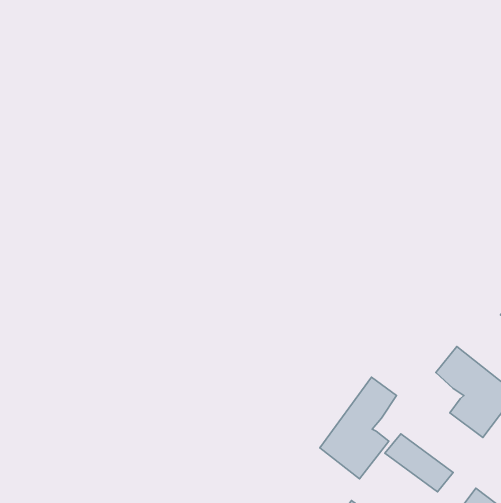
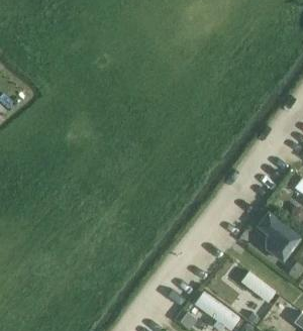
building: [320,377,396,479] -> none

